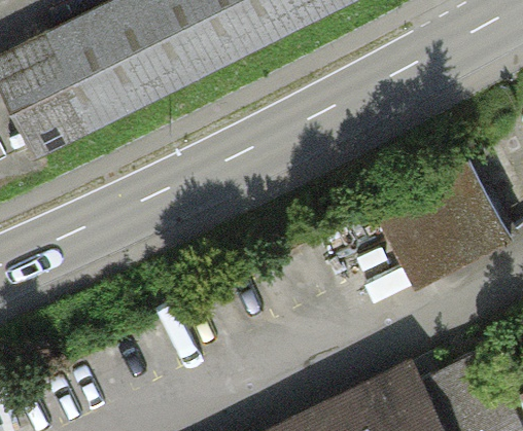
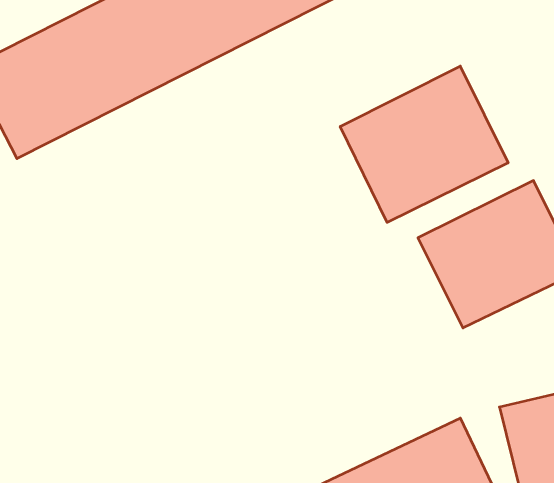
building: none -> [340,66,508,222]

